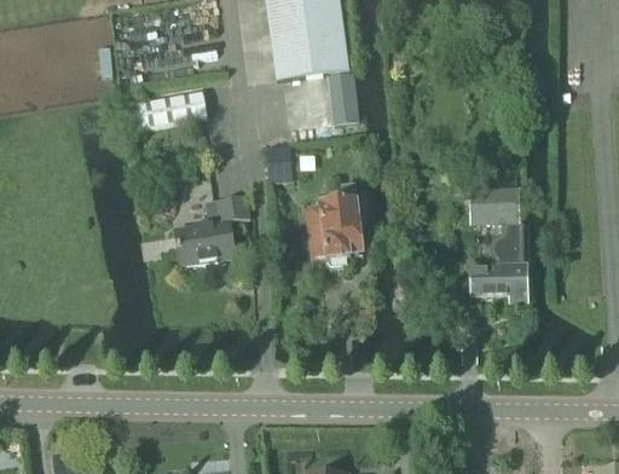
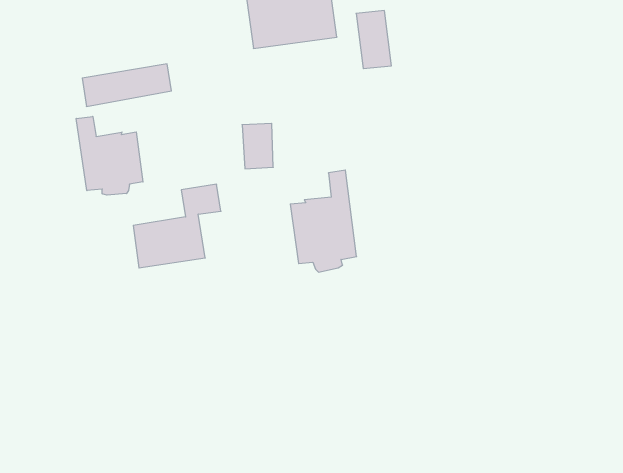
building: [328,73,358,122] -> [356,11,391,69]
building: none -> [76,116,143,195]
building: [468,190,527,299] -> none

